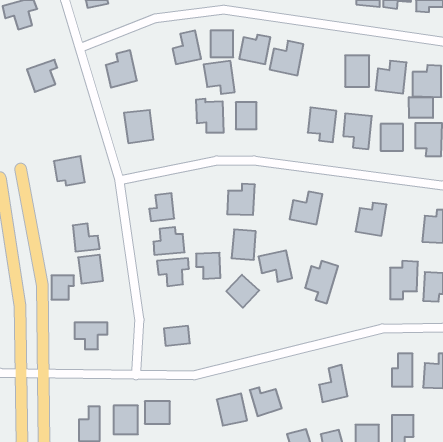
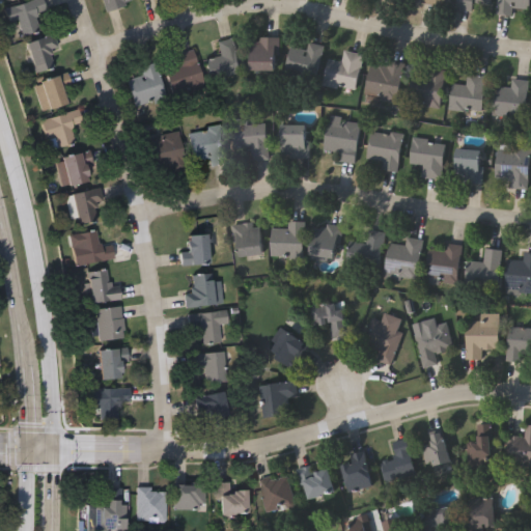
building: none -> [25,35,57,73]
building: none -> [164,49,203,93]
building: none -> [365,60,404,102]
building: [204,61,235,94] -> [188,125,225,165]
building: none -> [40,110,80,148]
building: none -> [324,115,362,164]
building: [409,97,433,118] -> none
building: none -> [56,152,91,185]
building: none -> [235,223,264,257]
building: none -> [71,229,113,264]
building: none -> [386,237,423,281]
building: none -> [467,248,502,284]
building: [231,229,256,260] -> [312,224,341,260]
building: [196,253,220,279] -> [195,351,224,382]
building: none -> [415,325,452,367]
building: [51,275,74,300] -> [100,348,127,378]
building: none -> [258,381,298,417]
building: none -> [421,431,452,468]
building: none -> [341,450,375,492]
building: none -> [215,480,248,513]

